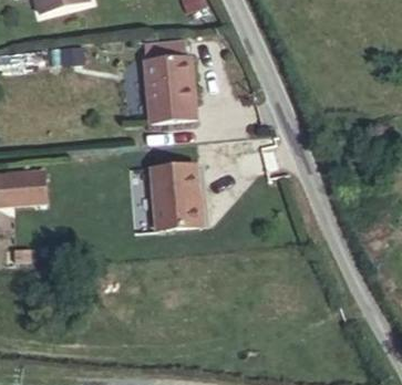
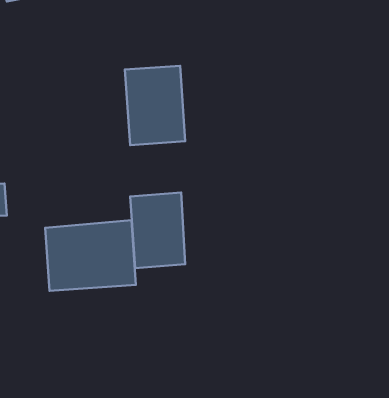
building: none -> [45,220,136,291]

